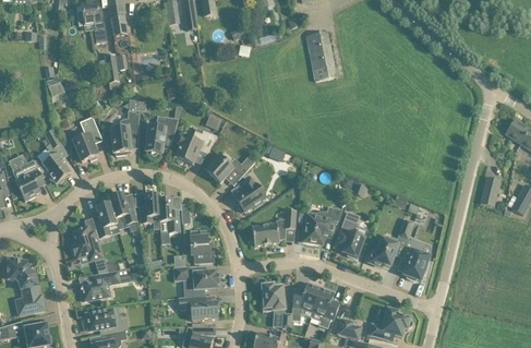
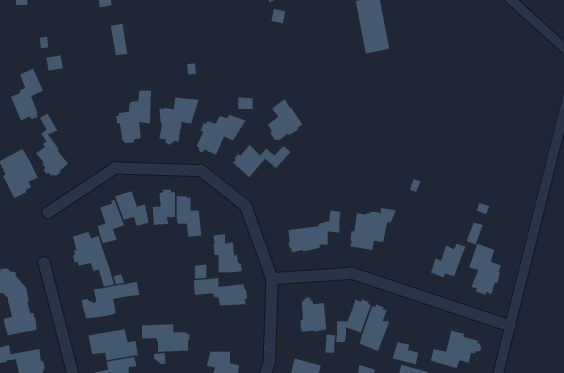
building: [72,117,100,161] -> [10,68,44,122]
building: [234,176,265,212] -> [267,98,304,141]
building: [334,211,364,257] -> none
building: [178,296,218,320] -> [141,323,190,352]

